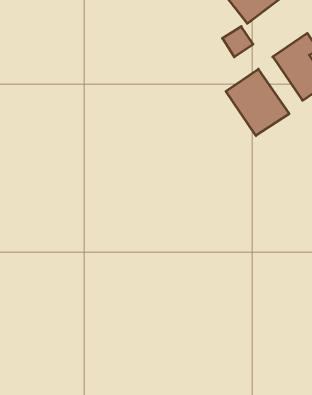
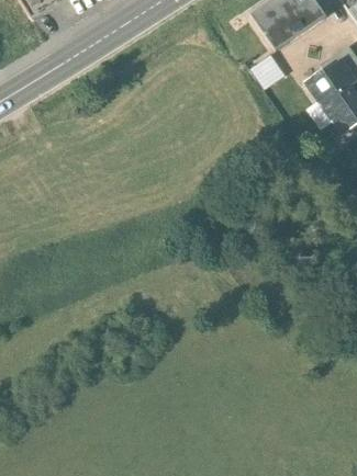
building: [226,69,289,136] -> none

